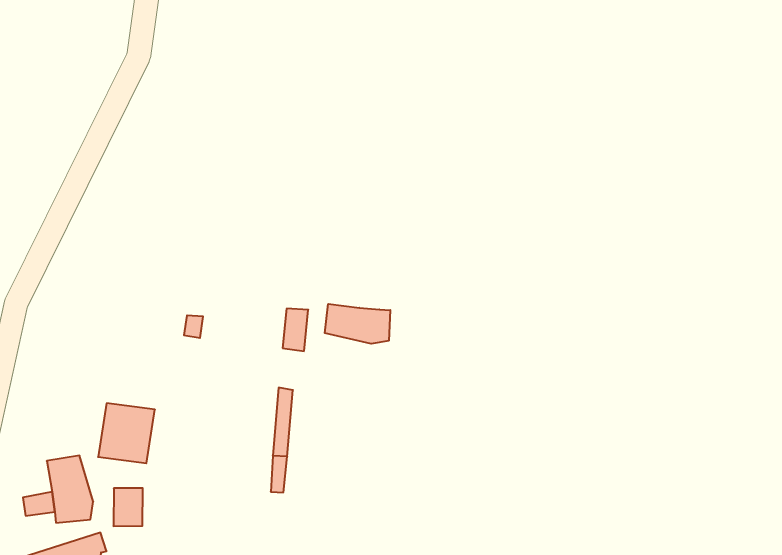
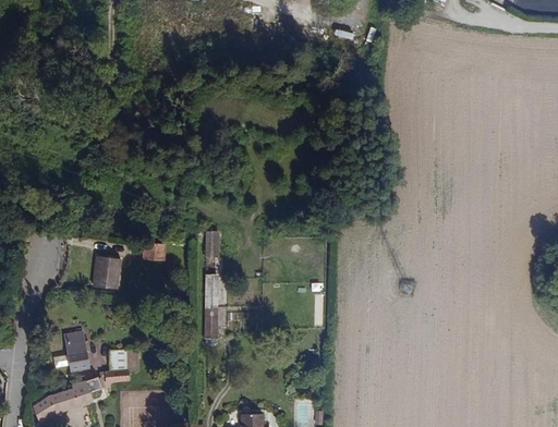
building: [325,304,390,344] -> none
building: [98,403,155,463] -> [93,254,125,289]

